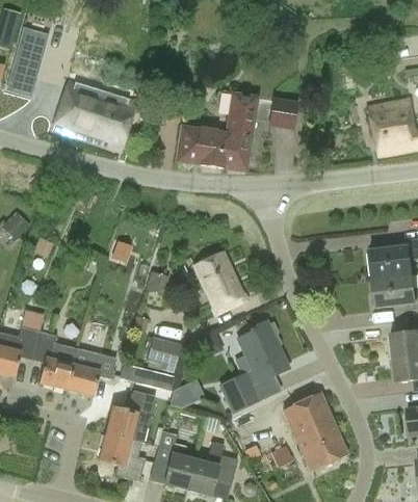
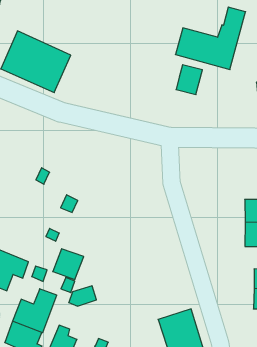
building: [177,94,256,169] -> [175,7,246,70]
building: [194,253,245,309] -> none
building: [221,321,289,412] -> none

